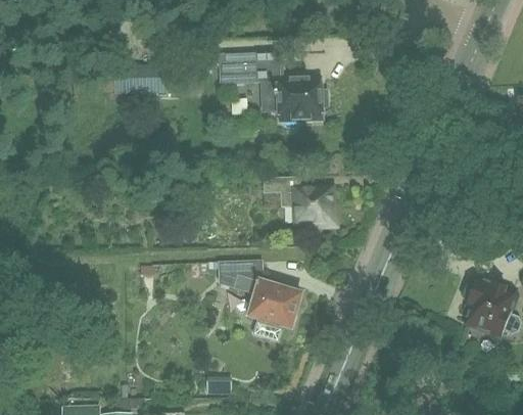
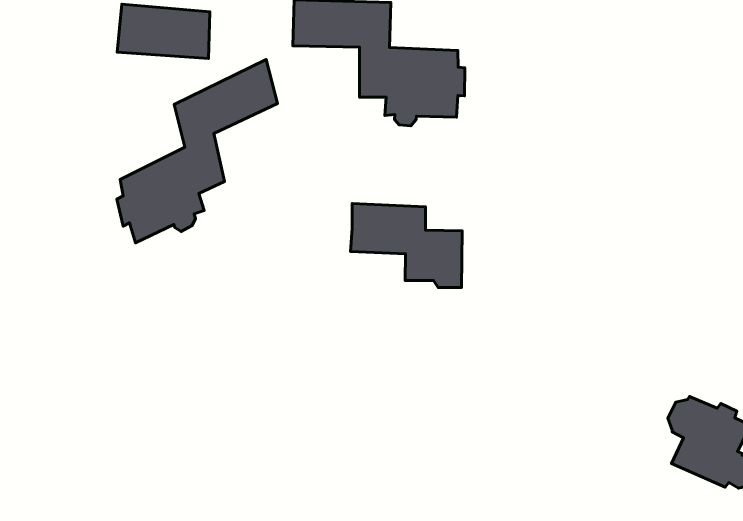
building: none -> [117,60,277,243]
building: [219,261,302,337] -> none

